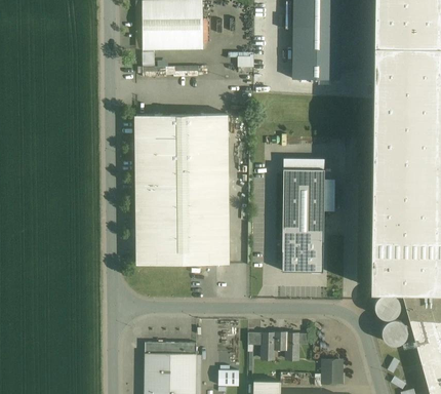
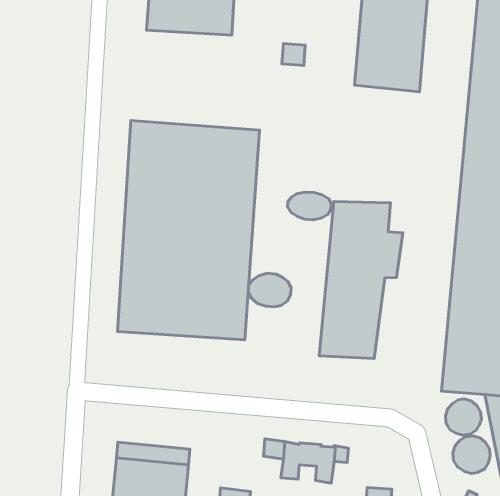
building: none -> [287,192,331,220]
building: none -> [248,273,291,307]

